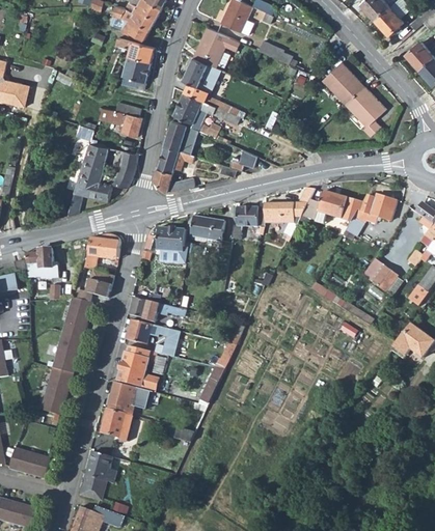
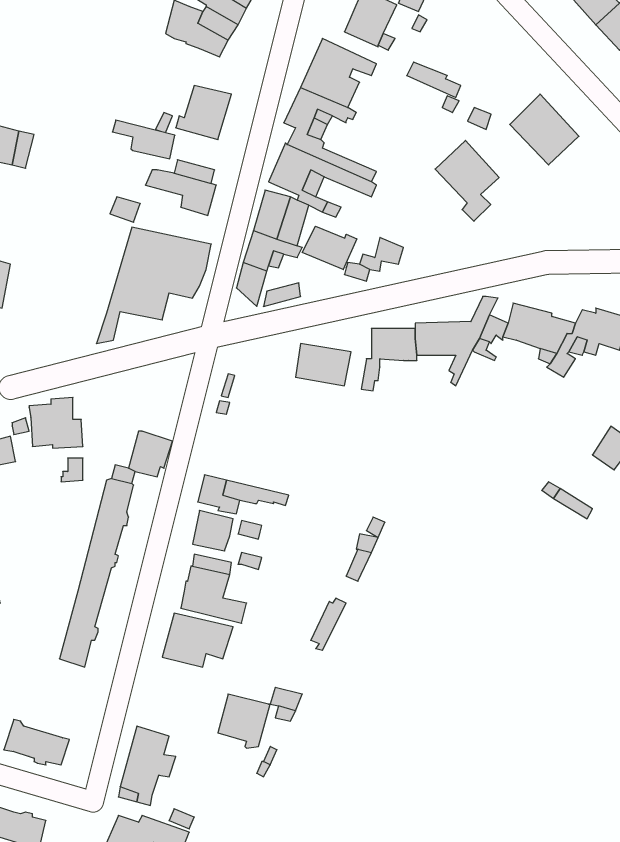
building: [114,38,153,62] -> [112,120,175,159]
building: [345,88,384,138] -> [435,140,499,221]
building: none -> [302,226,357,270]
building: [156,227,187,262] -> none
building: [84,233,118,270] -> none
building: [101,409,133,442] -> [218,694,270,748]

